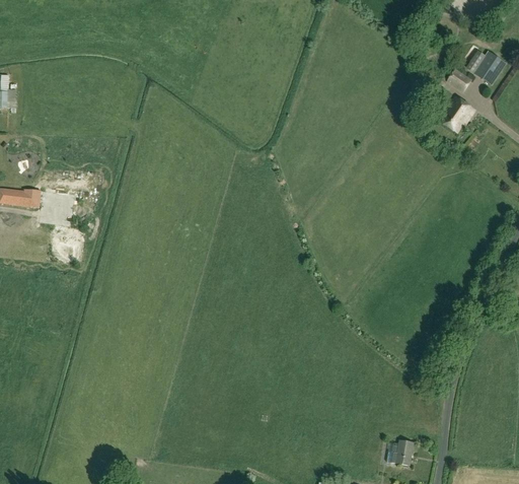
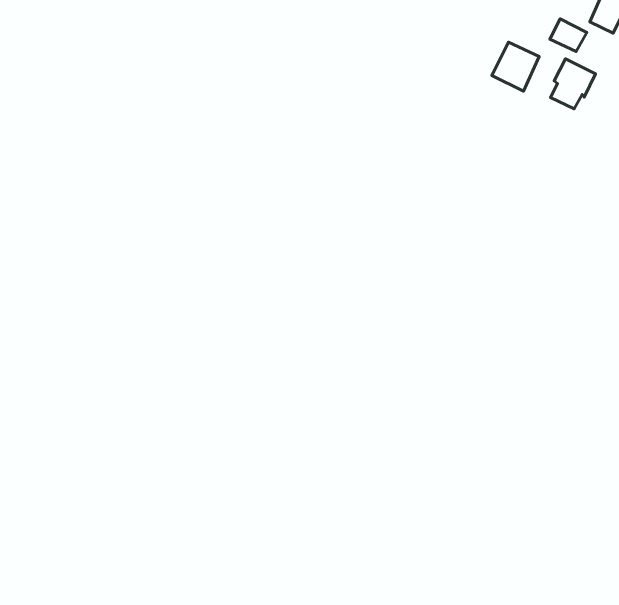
building: none -> [492,42,539,91]
building: [385,440,413,465] -> none

